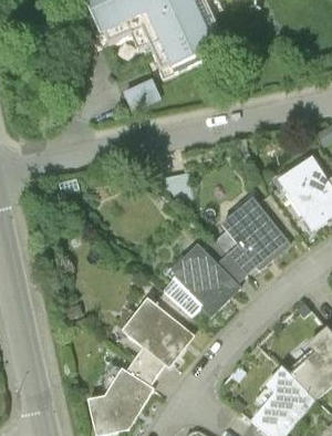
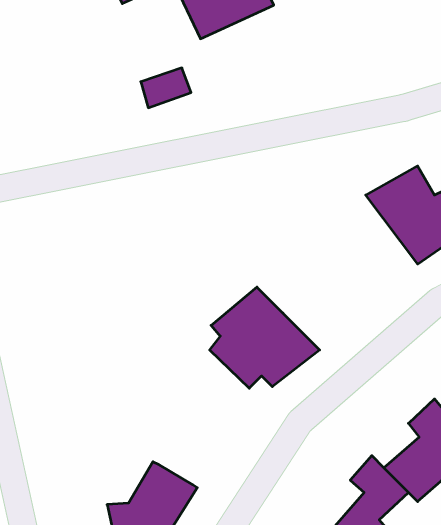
building: [216,198,291,283] -> none
building: [122,299,196,387] -> none

